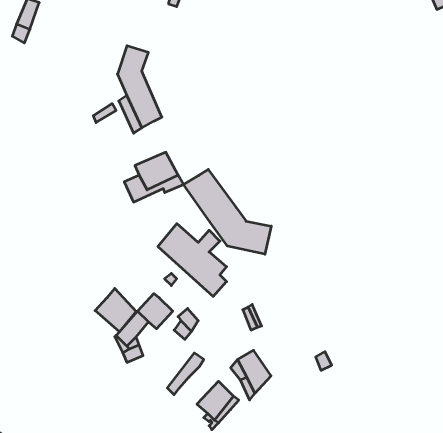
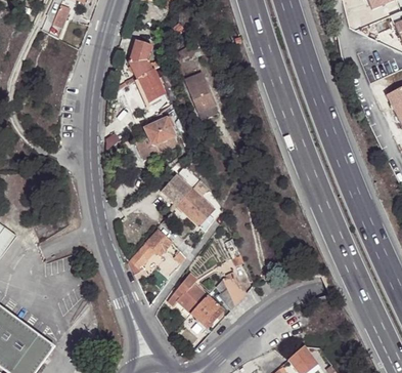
building: none -> [182,71,214,112]
building: [183,169,271,254] -> none
building: [95,288,136,332] -> none
building: none -> [176,284,206,313]

